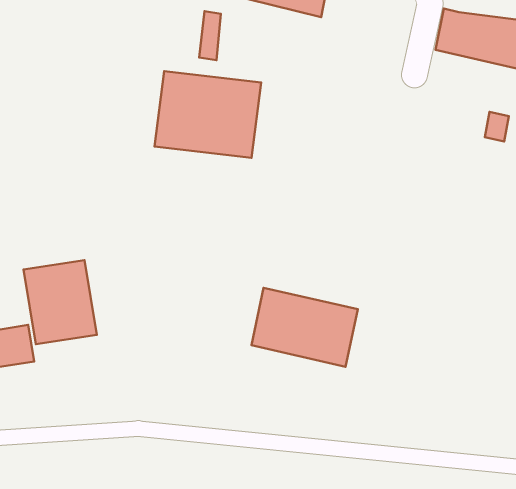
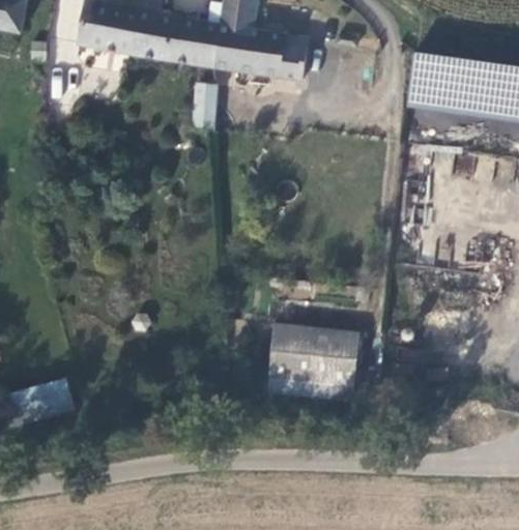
building: [155,71,261,158] -> none
building: [24,260,97,344] -> none

